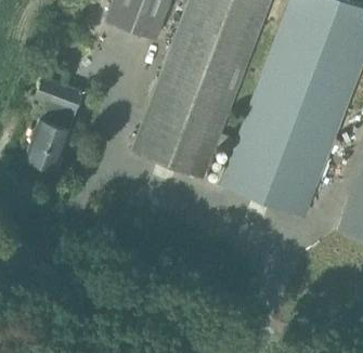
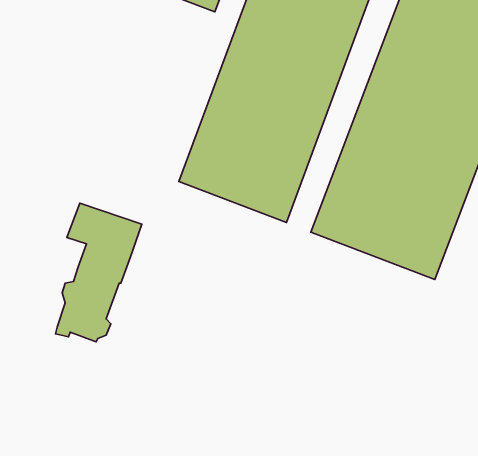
building: [25,78,82,170] -> [55,203,142,342]

